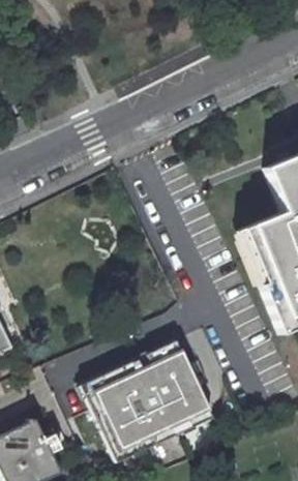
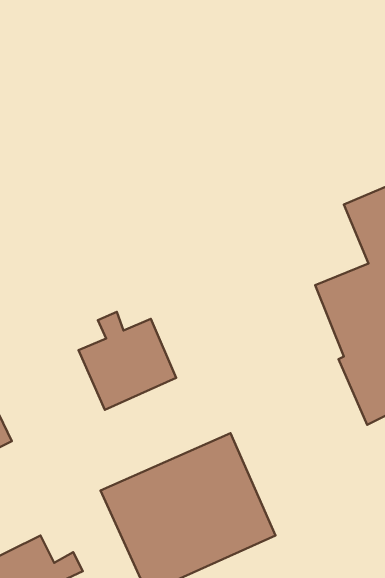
building: none -> [79,312,176,410]

